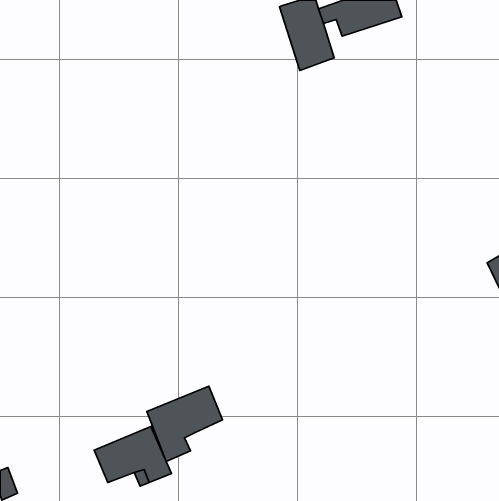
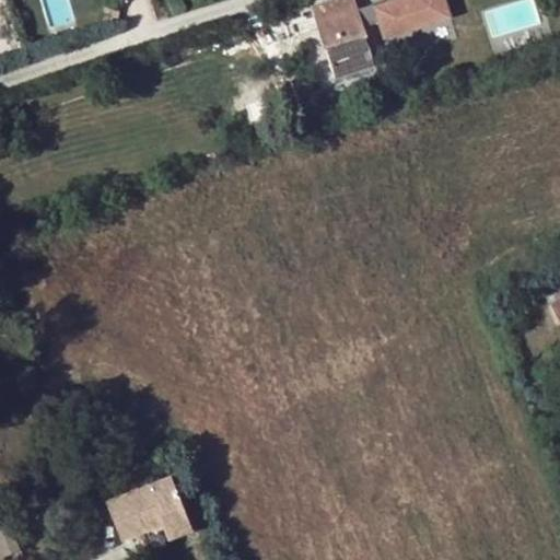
building: [147,386,222,461] -> none

